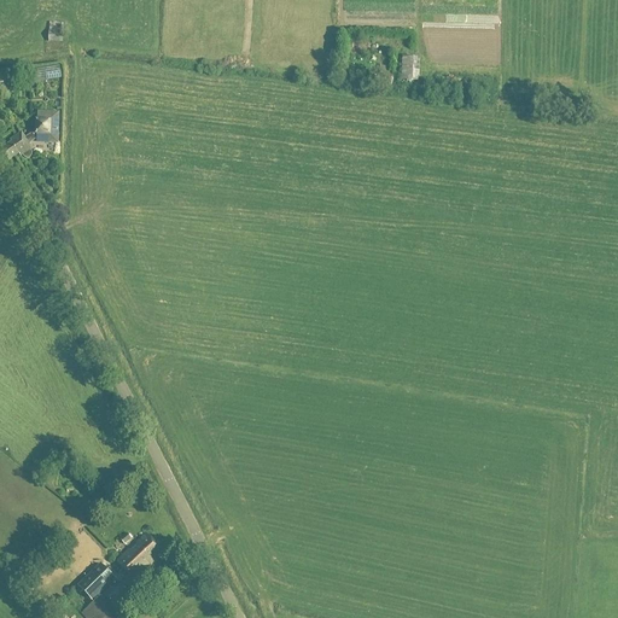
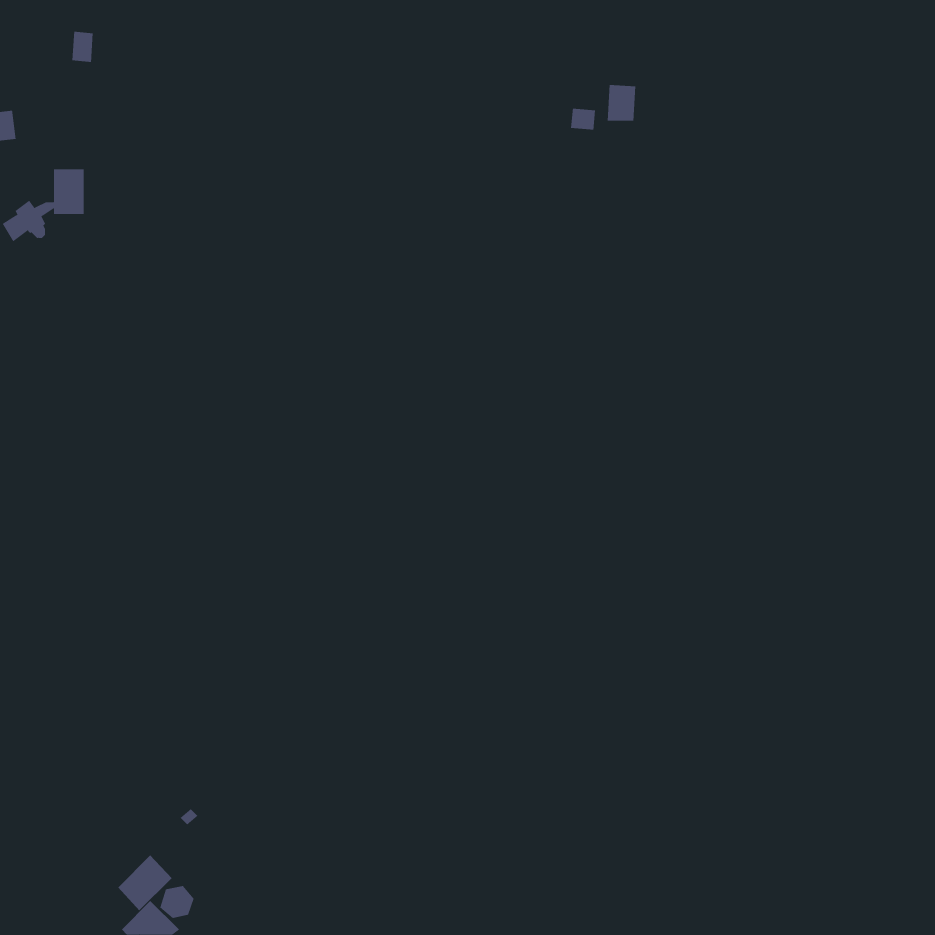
building: [116,532,163,579] -> none

